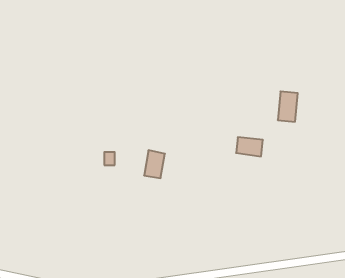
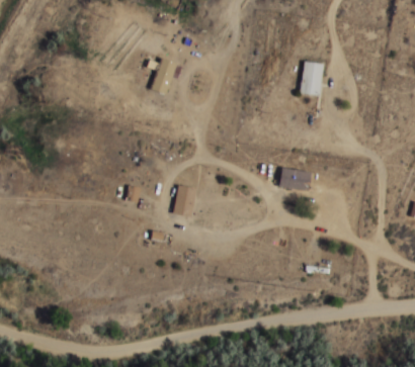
building: [278,91,298,122] -> [300,61,323,96]

